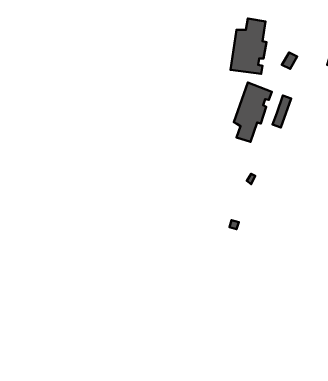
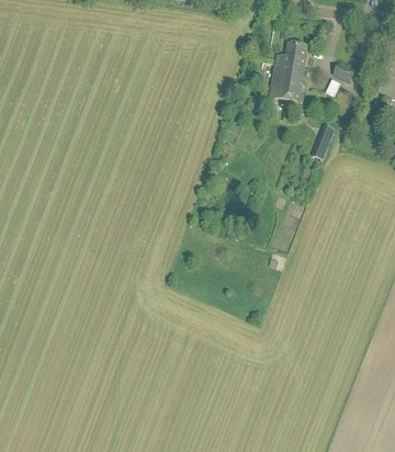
building: [234,83,272,142] -> none

